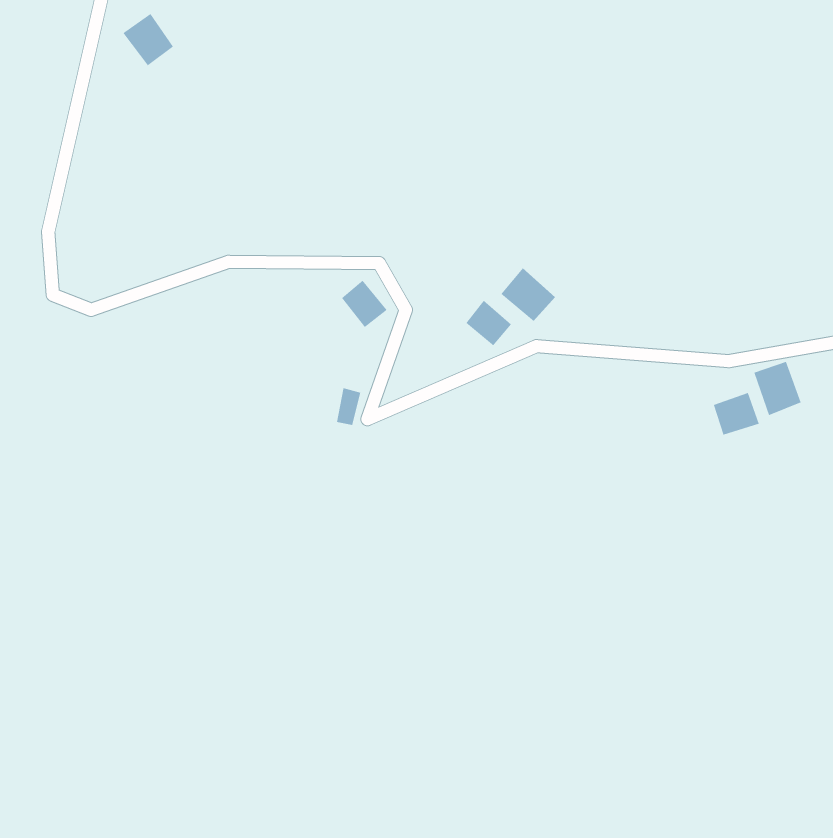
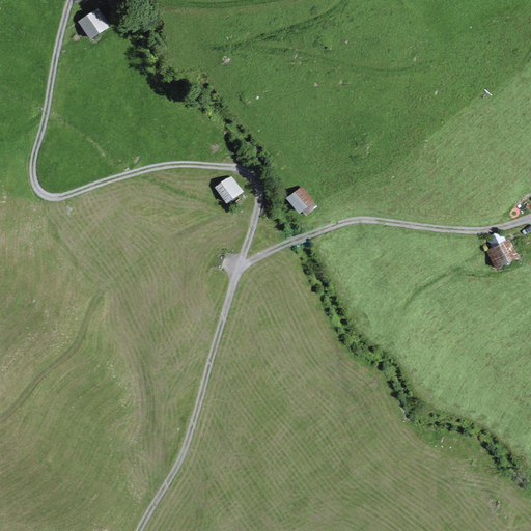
building: [500,267,556,322] -> none
building: [713,392,759,436] -> none

